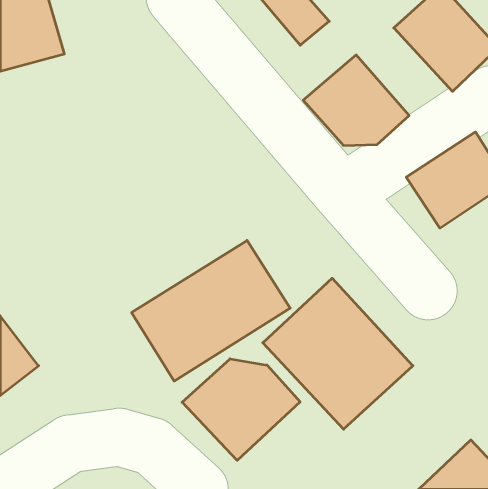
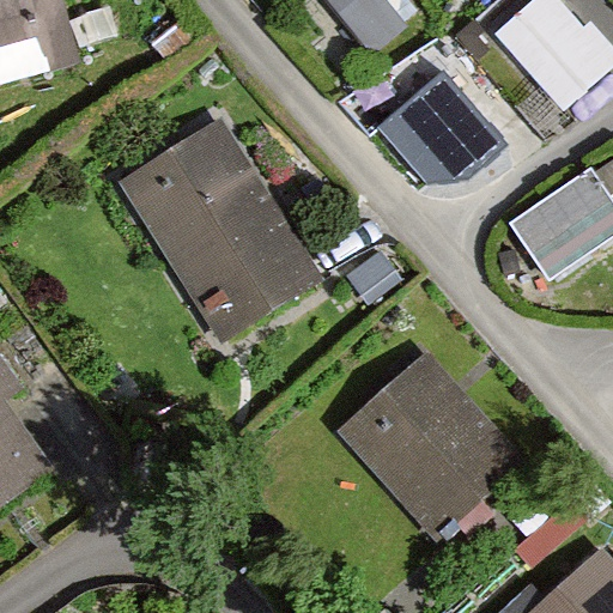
building: none -> [115,120,314,336]
building: [132,240,290,381] -> none
building: [182,359,300,460] -> none

